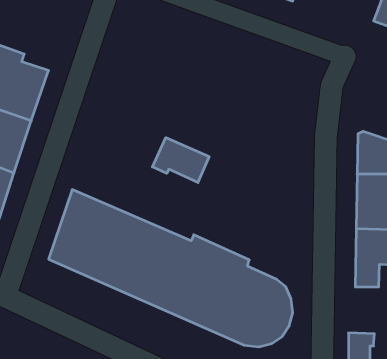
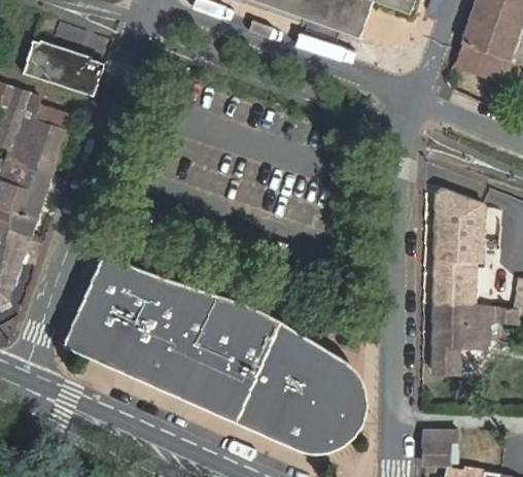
building: none -> [22,40,104,99]
building: [152,138,209,183] -> none

